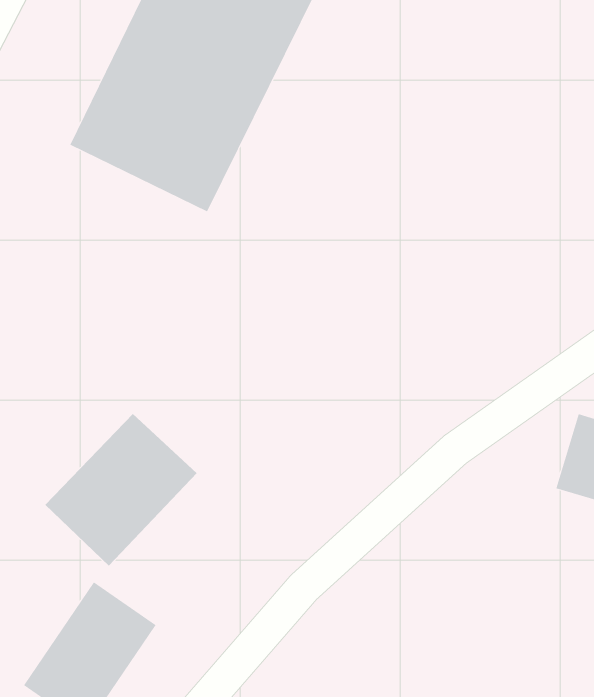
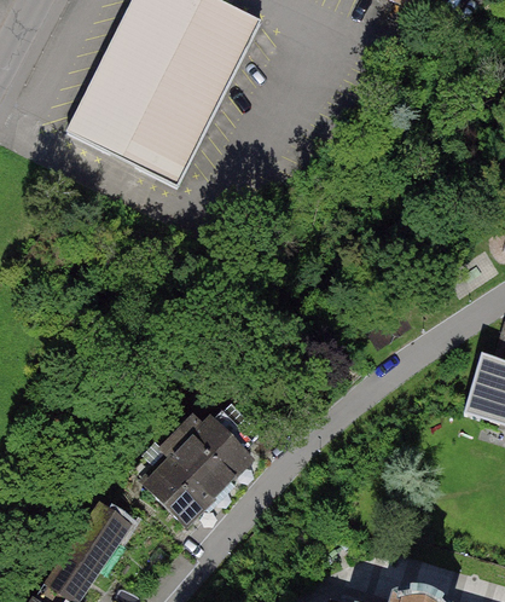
building: [44,413,197,566] -> [130,407,254,531]

